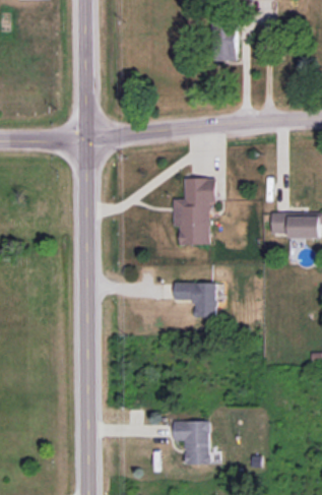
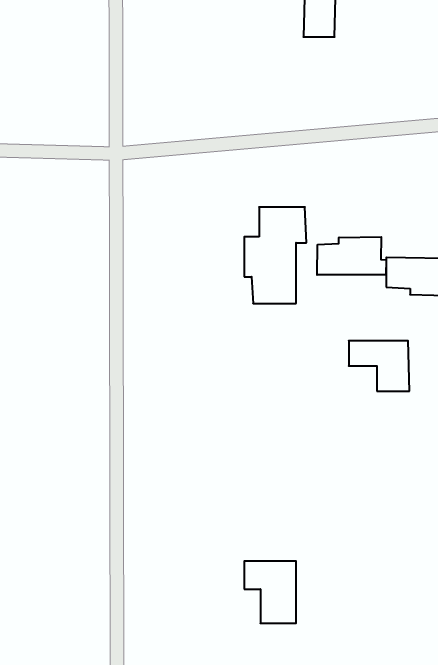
building: none -> [317,237,386,275]
building: [174,283,215,317] -> [349,341,409,391]

